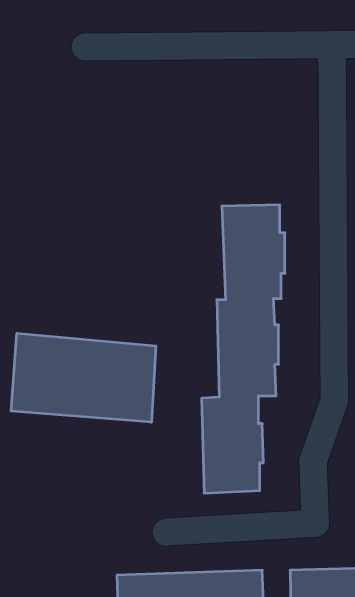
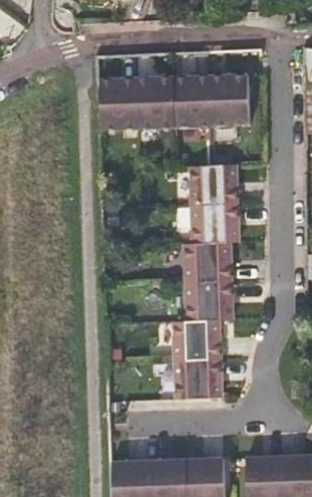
building: none -> [97,74,251,131]
building: [11,333,156,422] -> none

